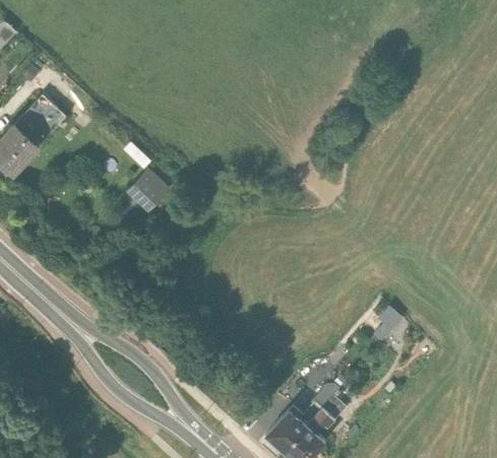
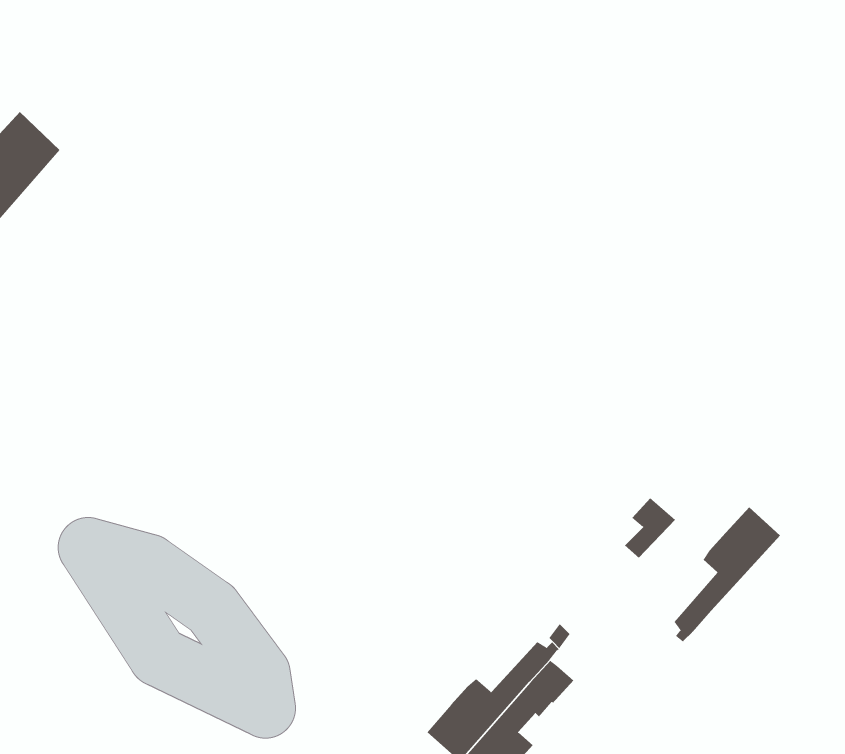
building: [128,175,165,211] -> none
building: none -> [674,507,781,642]

